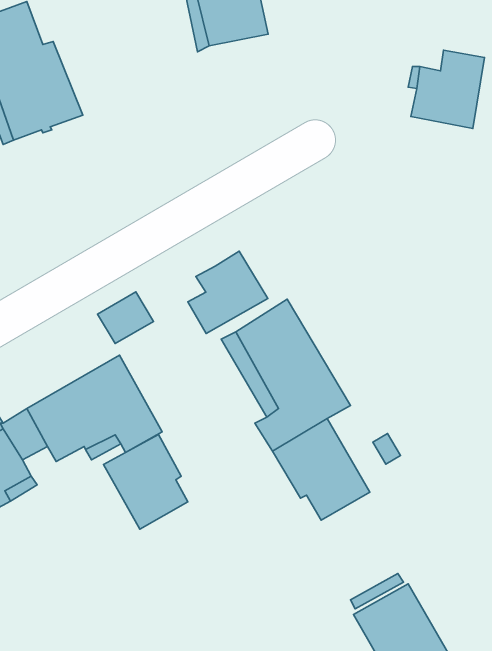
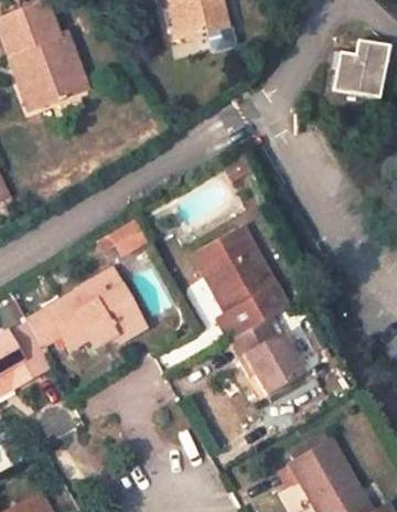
building: [188,251,268,334] -> none
building: [104,434,188,529] -> none

